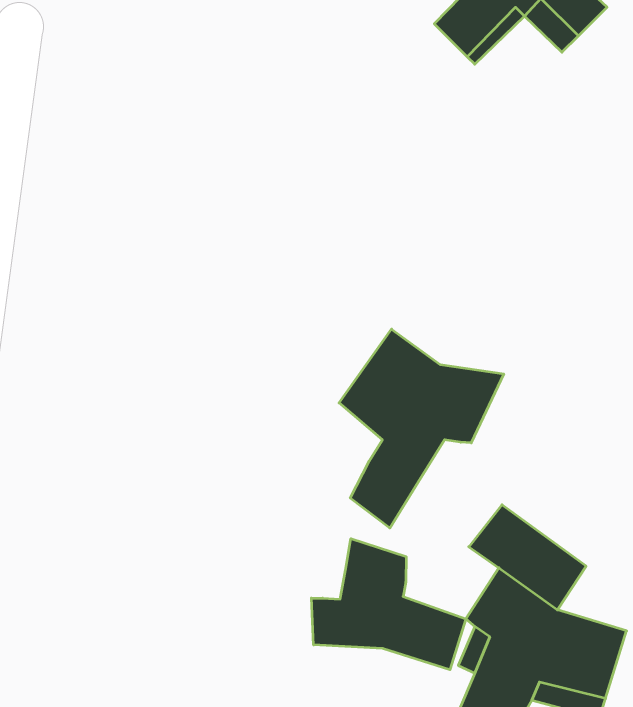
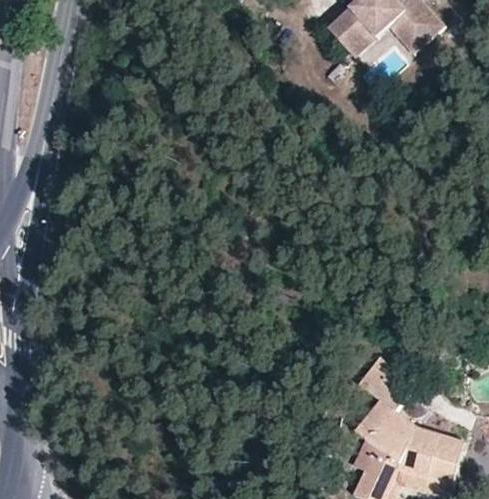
building: [339,329,504,528] -> none
building: [311,539,466,670] -> none

